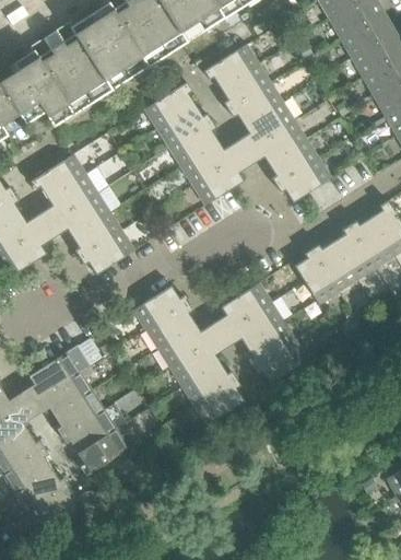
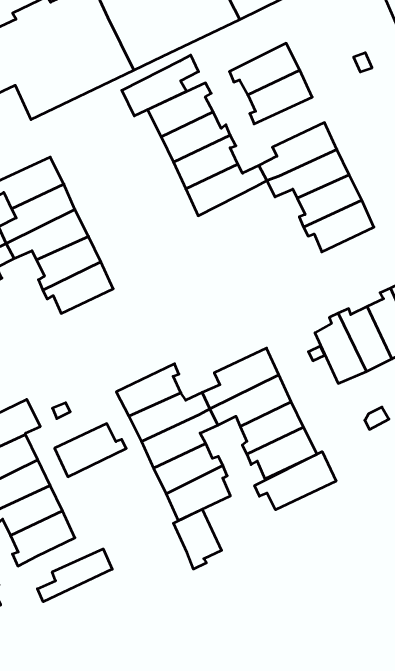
building: [228,83,283,126] -> none
building: [193,152,251,205] -> [122,55,199,116]
building: [133,285,189,330] -> [55,424,126,477]
building: none -> [255,452,336,510]
building: none -> [173,509,222,569]
building: none -> [37,549,112,602]

